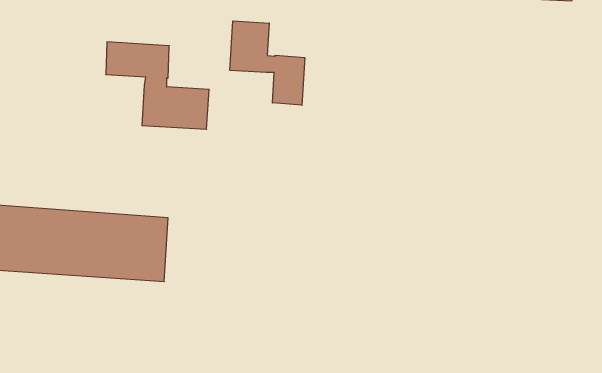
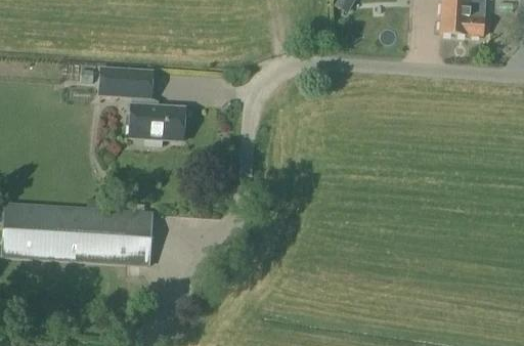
building: [230,21,305,105] -> none

